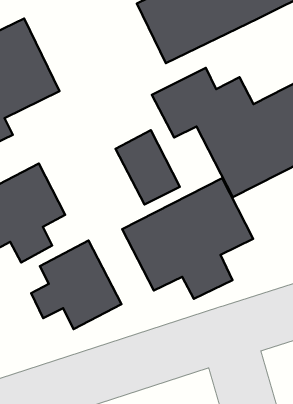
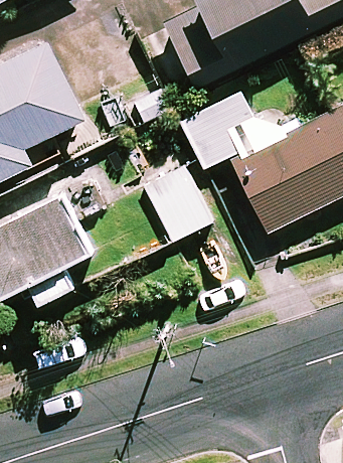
building: [122,178,253,299] -> none
building: [31,241,122,329] -> none

